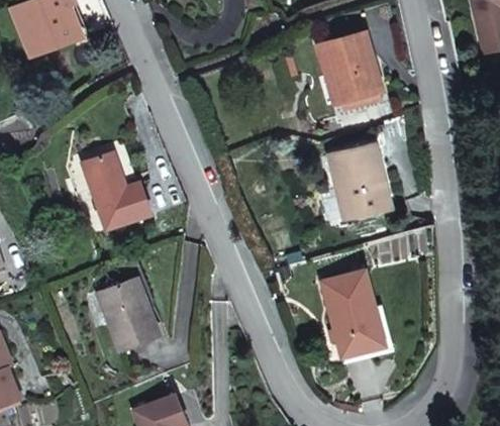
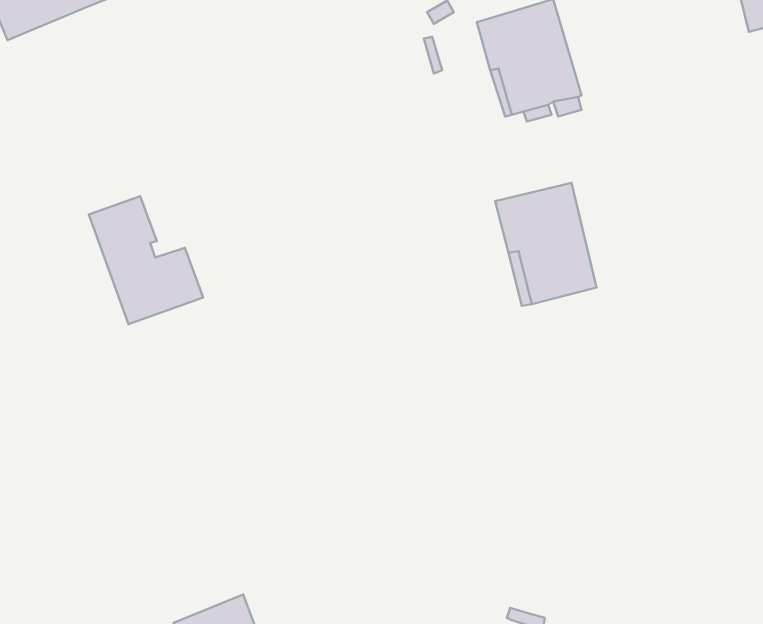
building: [321,270,385,356] -> none
building: [97,278,159,350] -> none

